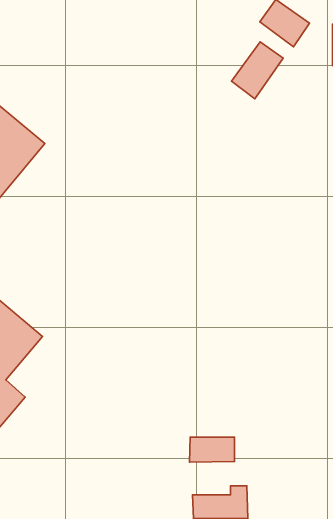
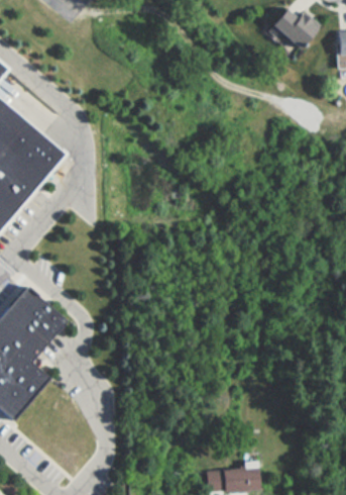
building: [232,42,283,99] -> none
building: [190,437,235,462] -> none

